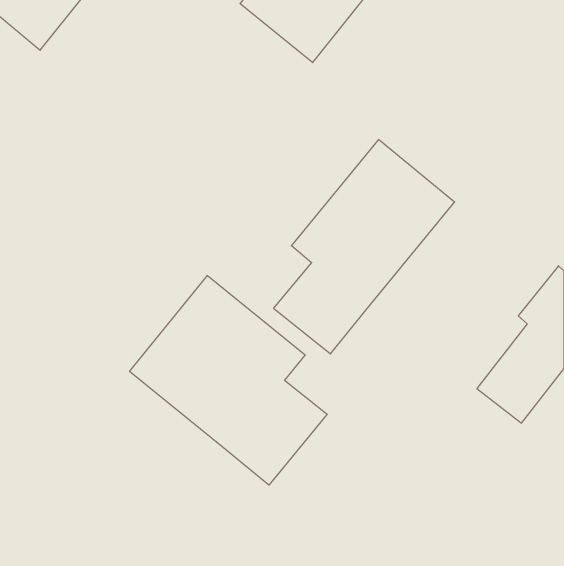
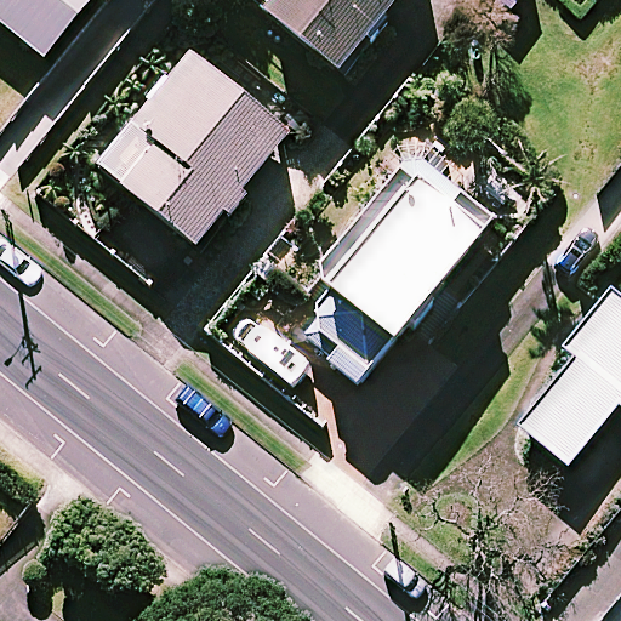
building: none -> [124,50,290,243]
building: [130,276,327,485] -> none

